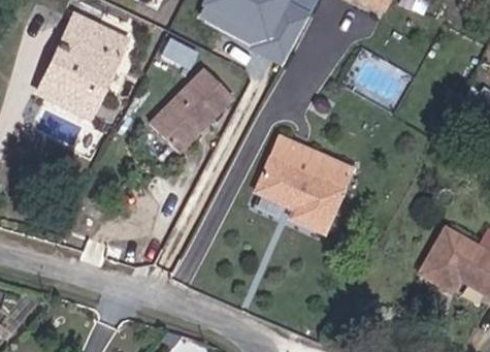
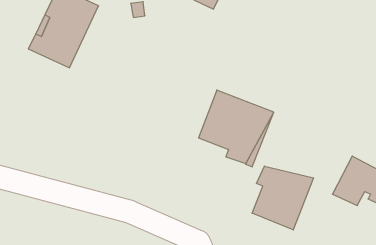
building: [152,64,235,152] -> none
building: none -> [252,166,314,230]

